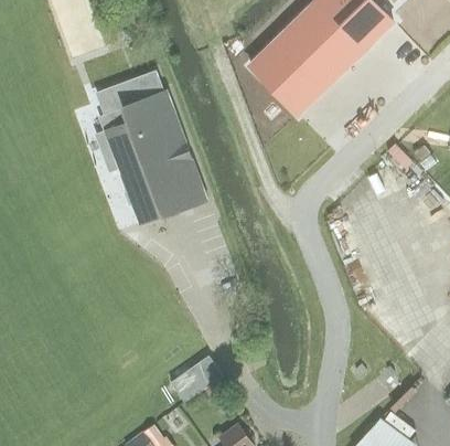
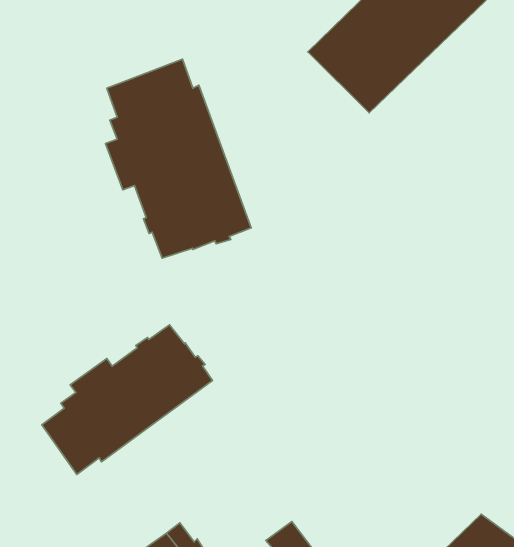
building: none -> [42,325,213,475]
building: [171,357,223,404] -> none

